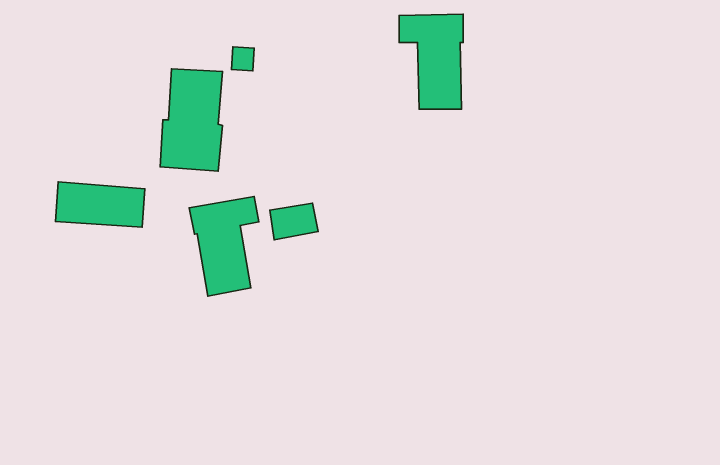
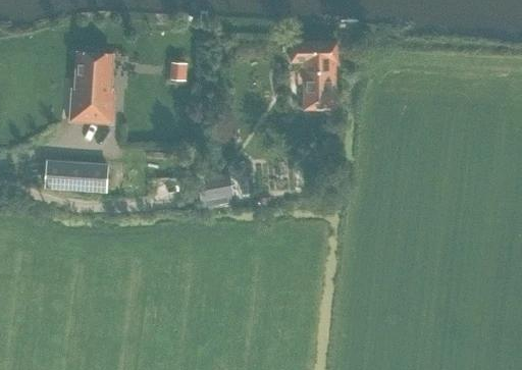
building: [160,69,223,171] -> [68,51,113,124]
building: [189,197,259,296] -> none

